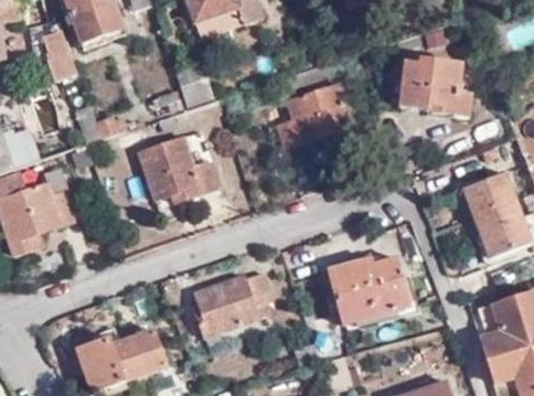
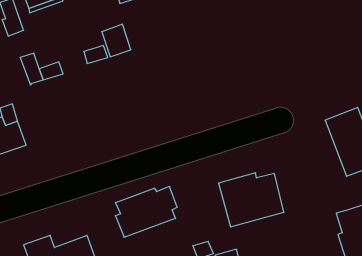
building: [399,58,470,116] -> none
building: [276,82,360,149] -> none
building: [138,135,216,199] -> none

